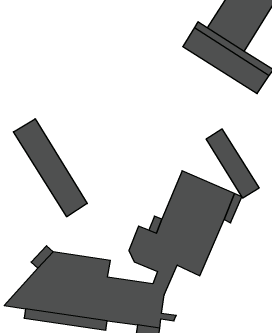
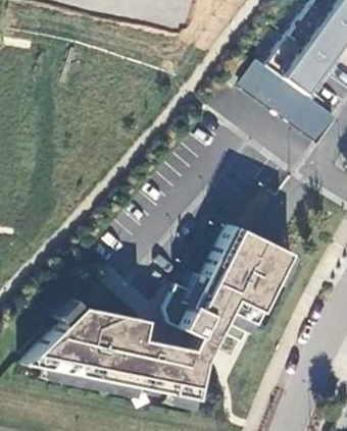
building: [13,119,87,217] -> none
building: [206,129,259,198] -> none

